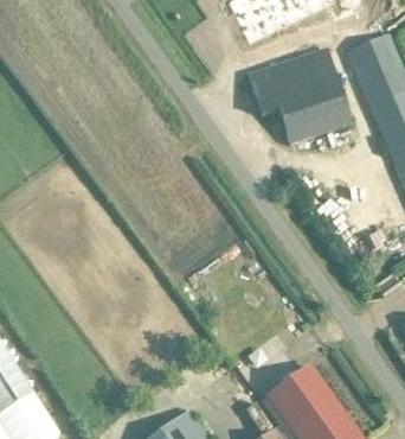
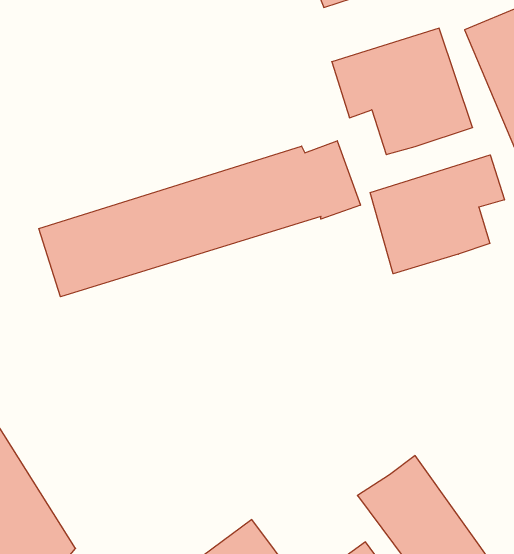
building: none -> [39,141,360,297]
building: none -> [370,155,504,274]

